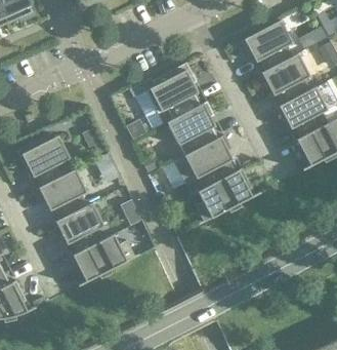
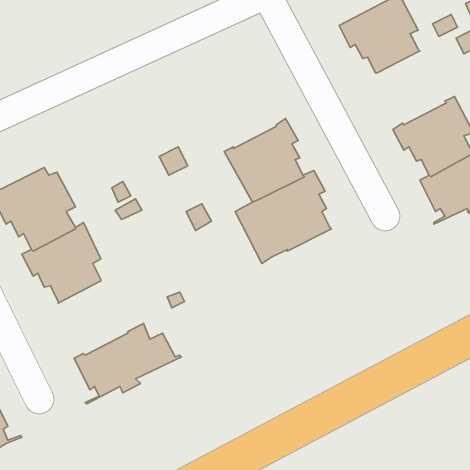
building: [258,52,310,104] -> none
building: [145,61,200,119] -> none
building: [195,167,259,223] -> none
building: [51,201,103,254] -> none

